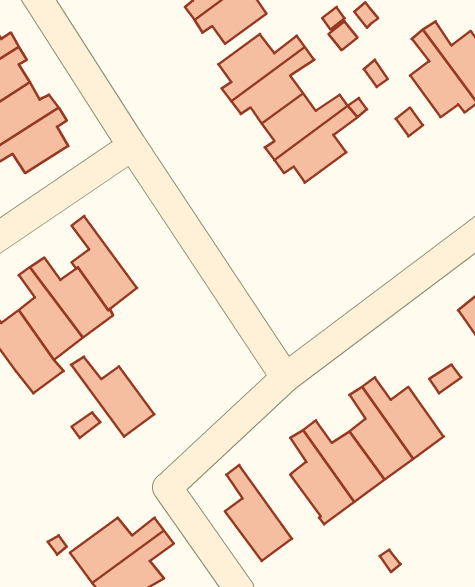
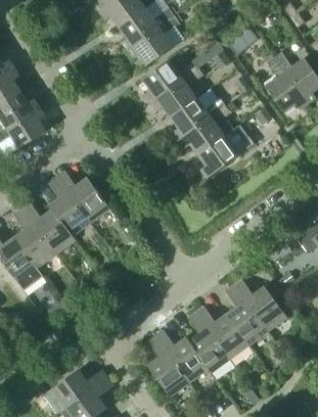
building: none -> [196,135,253,178]
building: [71,357,154,437] -> [55,171,108,222]
building: none -> [154,330,207,382]

